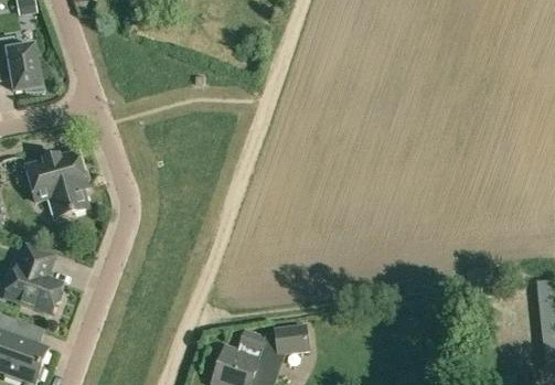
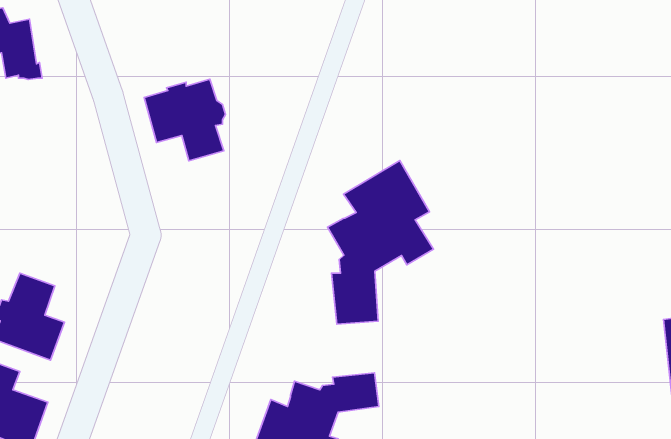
building: [24,151,88,215] -> [144,79,225,161]
building: none -> [328,160,433,324]

